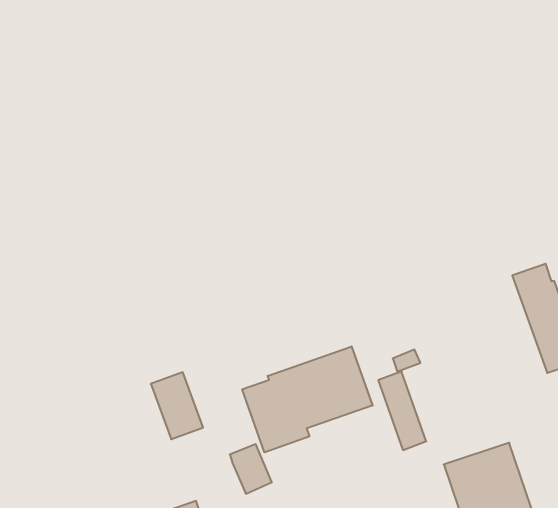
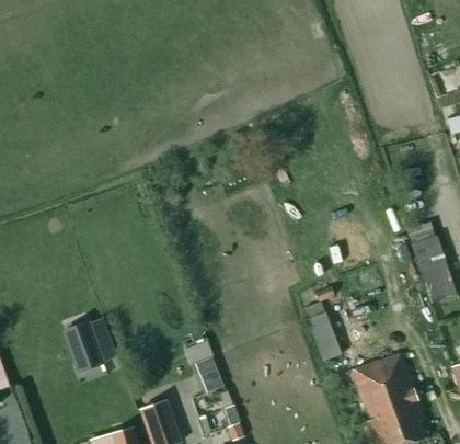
building: [242,346,373,452] -> none
building: [151,372,203,439] -> [64,321,103,372]

